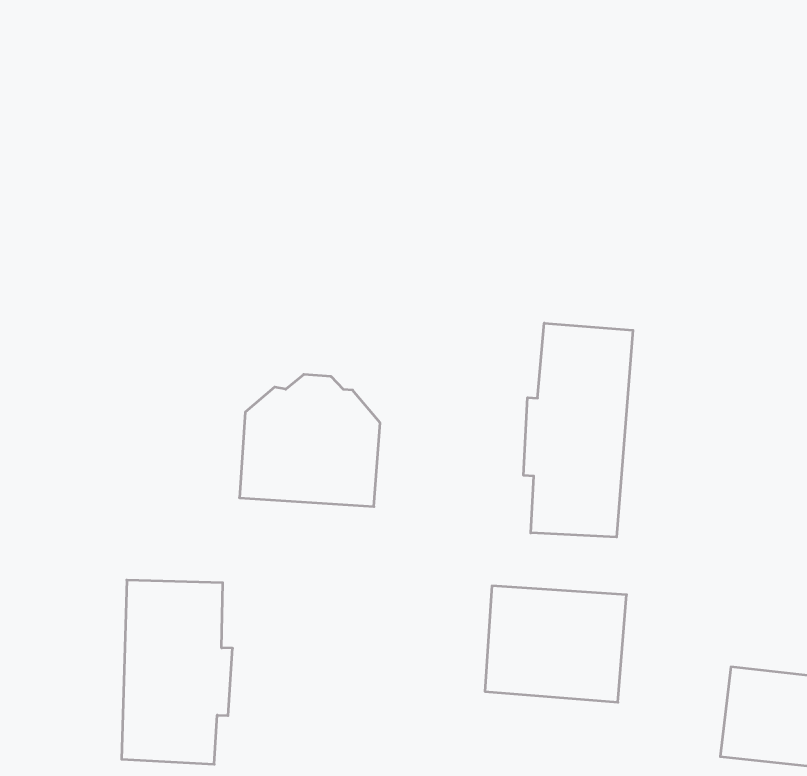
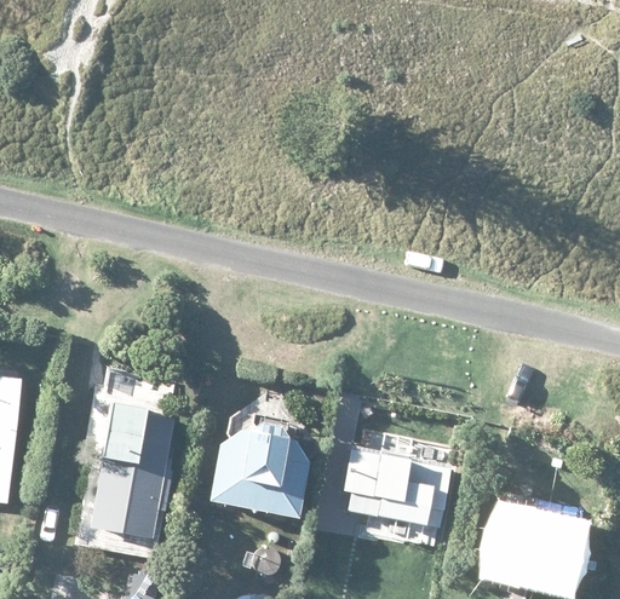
building: [524,323,633,537] -> none
building: [239,374,380,507] -> [207,424,308,518]

